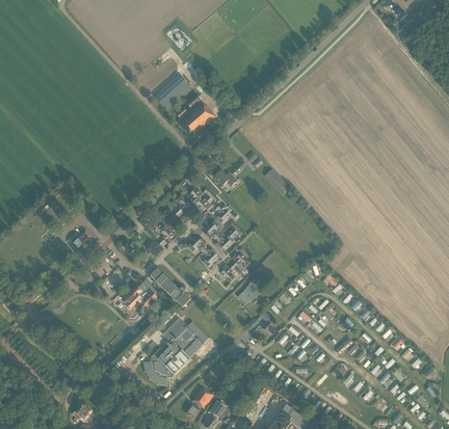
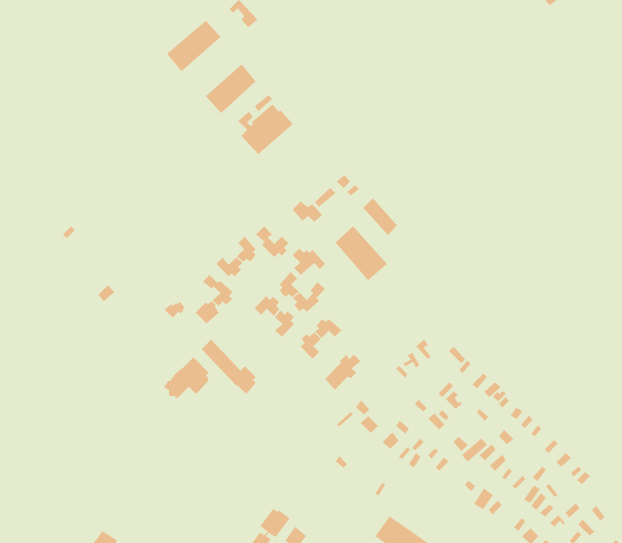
building: none -> [166,20,222,72]
building: none -> [335,225,388,281]
building: [142,319,208,384] -> none

